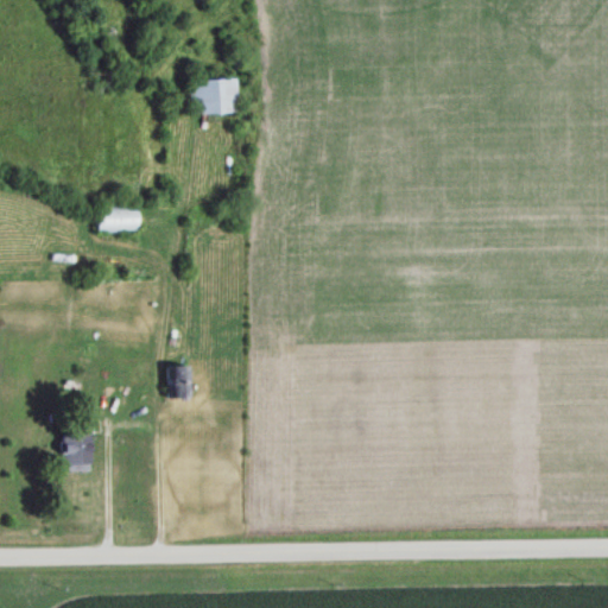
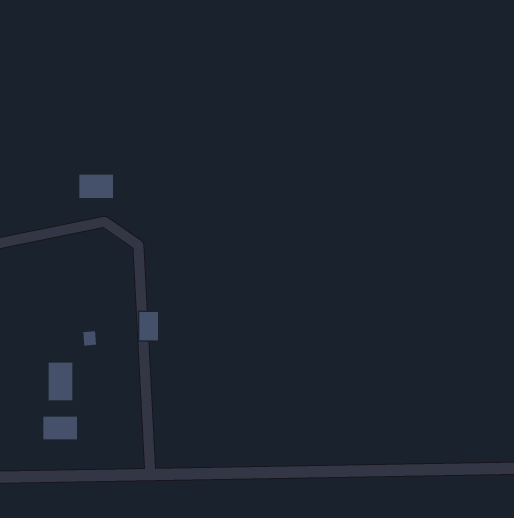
building: [194,77,243,115] -> none
building: none -> [43,416,77,440]

